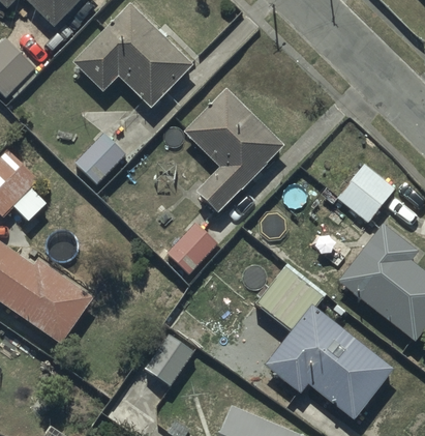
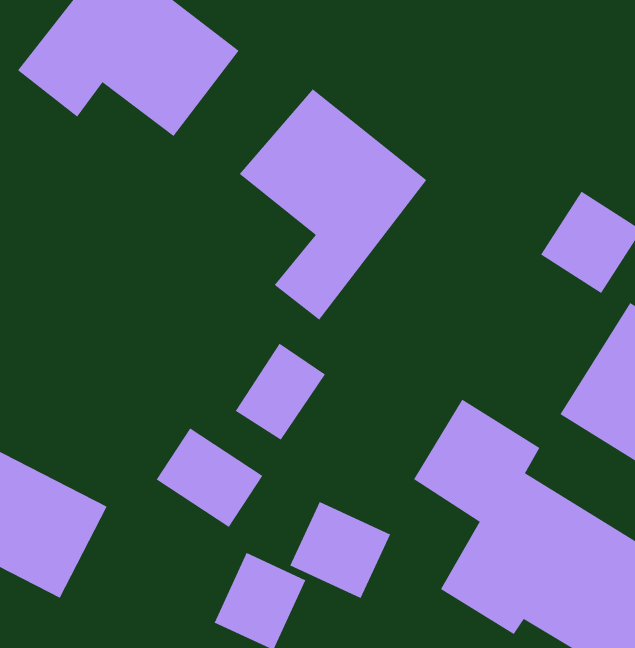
building: [74,130,129,184] -> none
building: none -> [156,427,263,528]
building: none -> [290,501,391,599]

